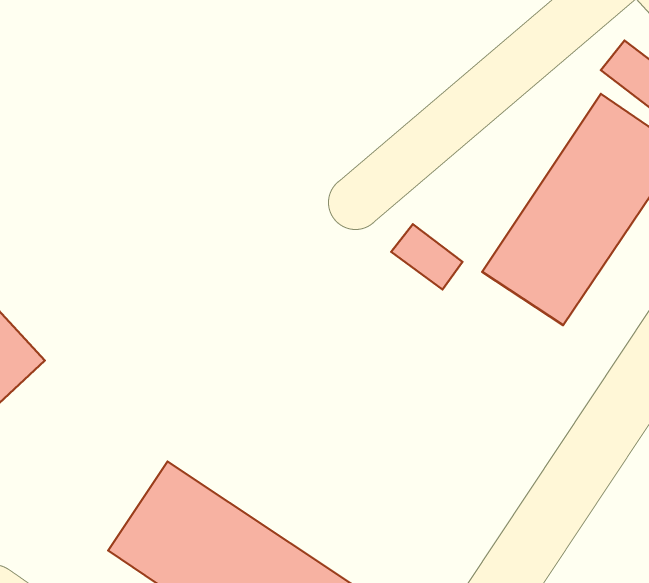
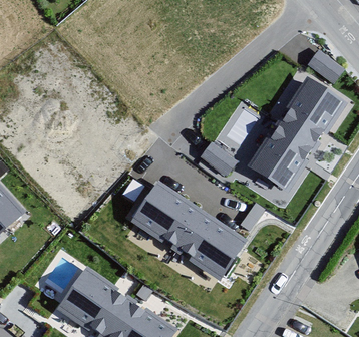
building: none -> [130,180,247,281]

